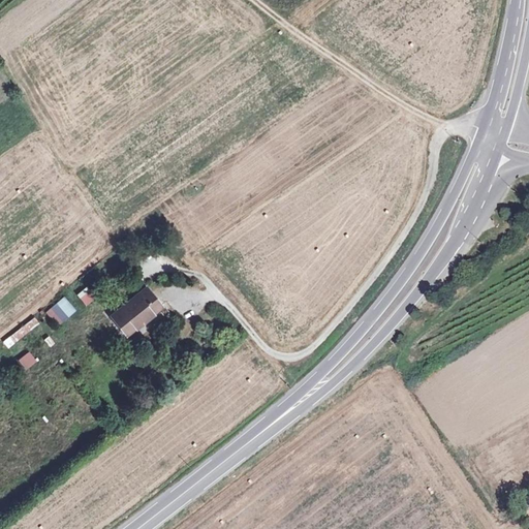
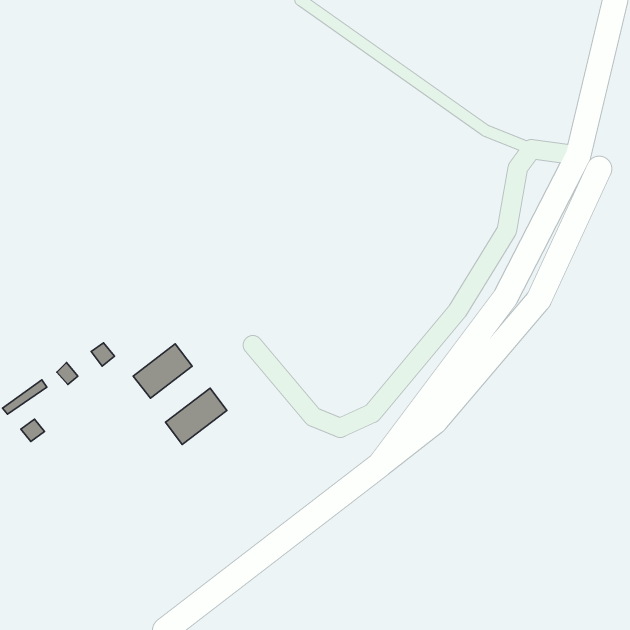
building: none -> [166,388,227,445]

